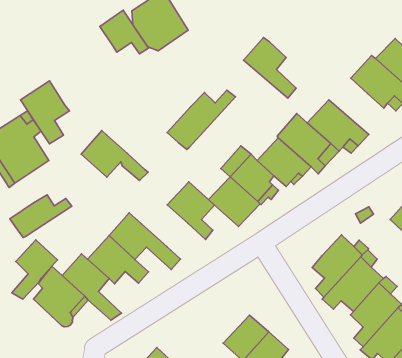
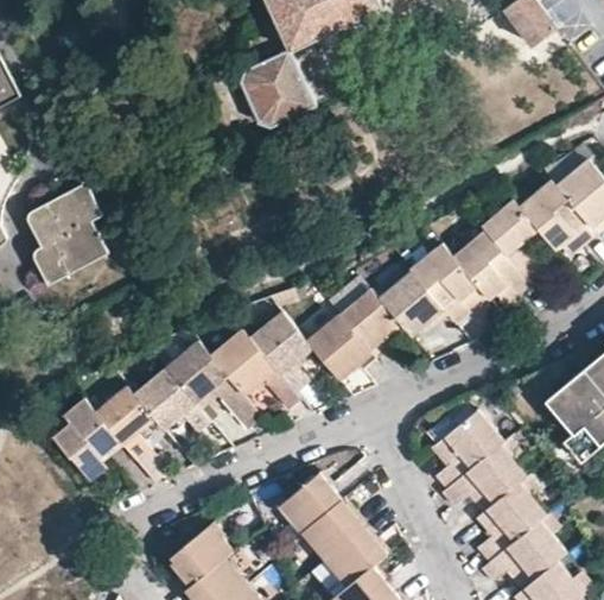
building: [100,10,149,54] -> none
building: [244,38,296,98] -> [482,196,546,282]
building: [20,81,69,144] -> none
building: [167,90,235,149] -> none
building: [81,131,148,180] -> [214,329,299,403]
building: [10,195,72,238] -> none
building: [12,240,58,299] -> none
building: none -> [279,474,339,531]

